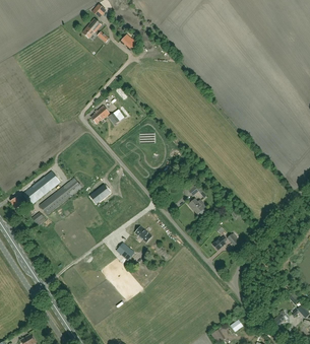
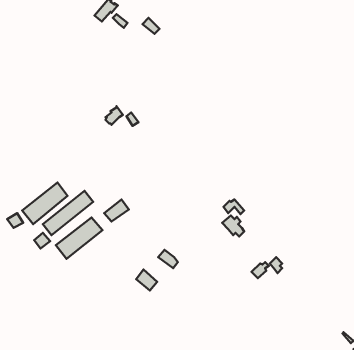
building: none -> [56,218,103,259]

